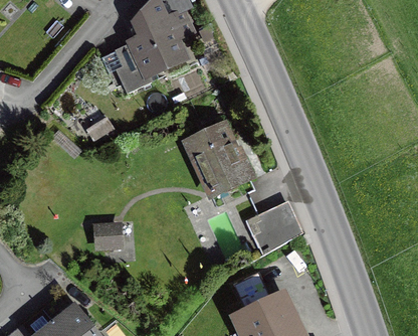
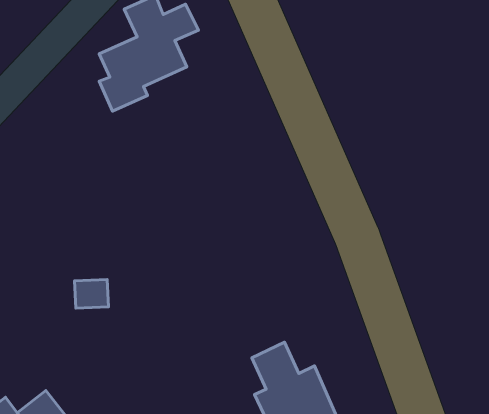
building: [187,122,249,192] -> none
building: [252,204,301,248] -> none

